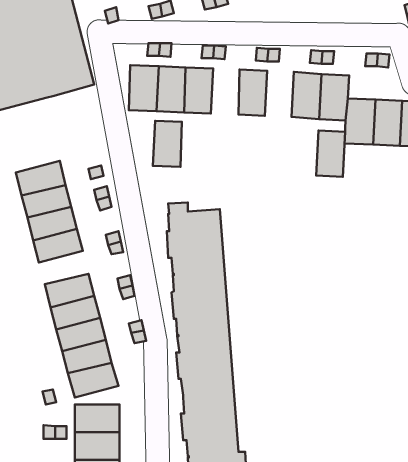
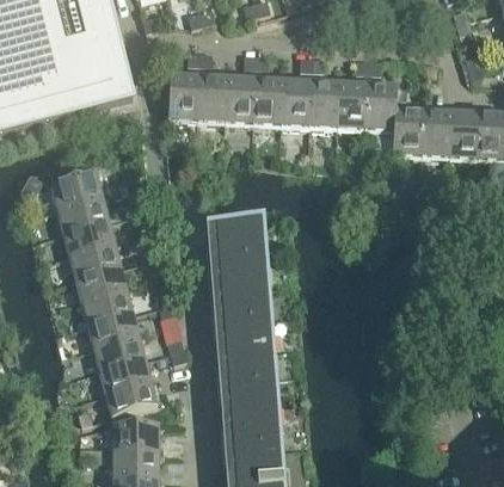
building: [153,121,182,167] -> [252,75,282,123]
building: [316,131,345,177] -> [308,78,338,125]
building: none -> [74,264,125,298]

